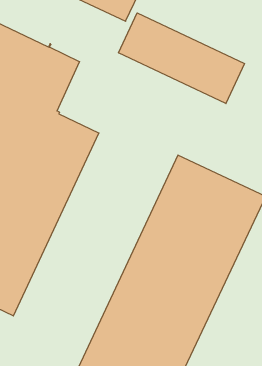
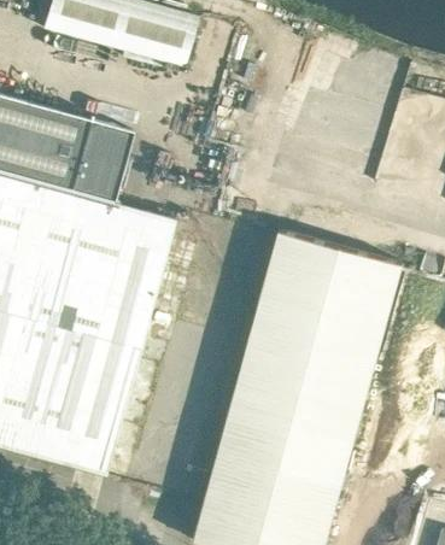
building: [119,13,245,104] -> none

